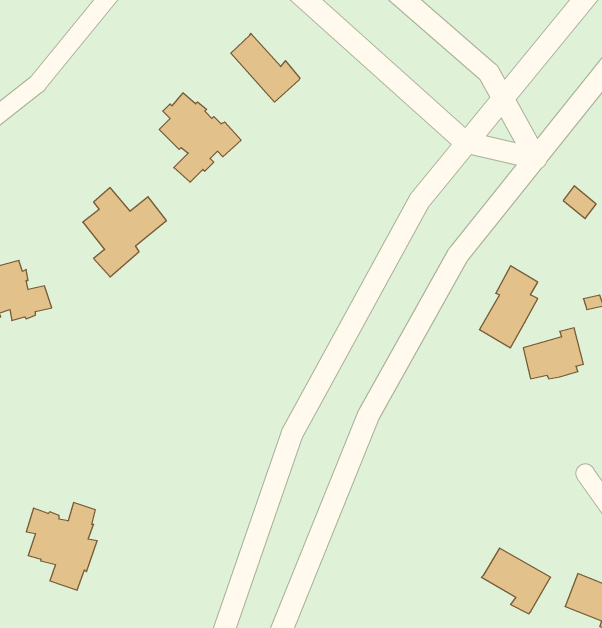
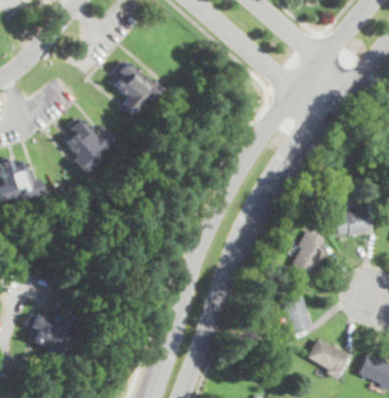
building: [231,33,300,102] -> none
building: [479,266,538,348] -> [289,229,325,279]
building: none -> [281,293,311,334]

